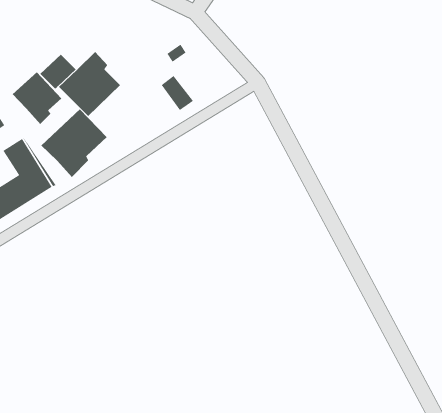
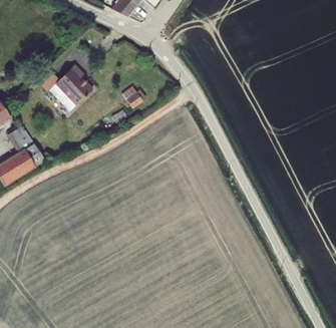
building: [12,72,62,125] -> none
building: [41,109,108,178] -> none

